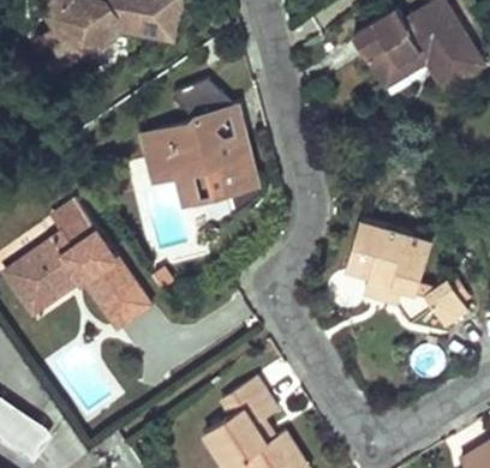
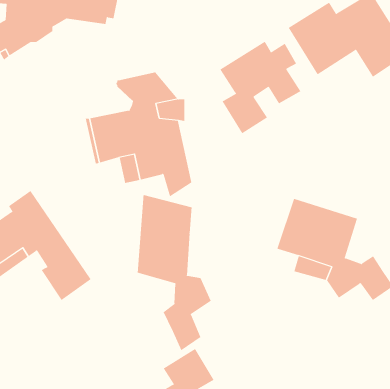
building: none -> [220,41,301,134]
building: none -> [137,194,212,351]

